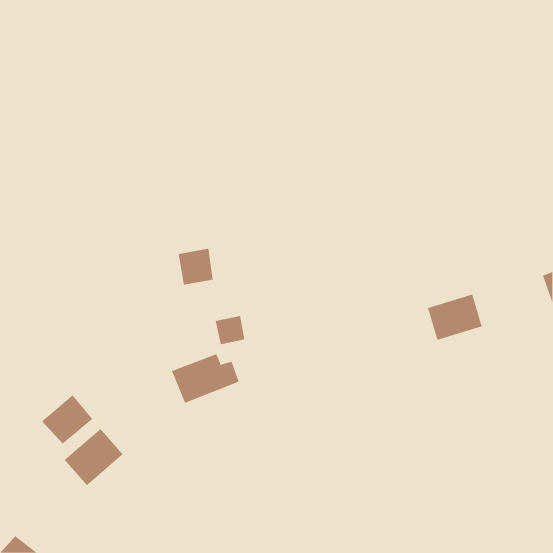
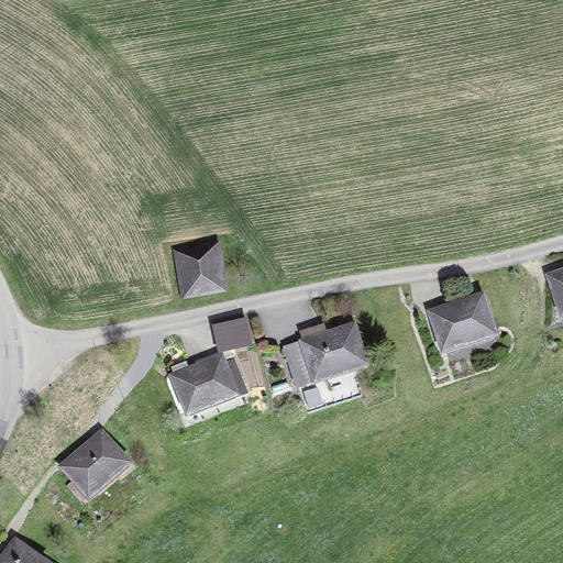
building: none -> [287,324,362,380]
building: [41,395,93,445] -> none

